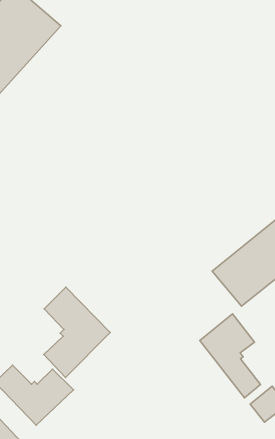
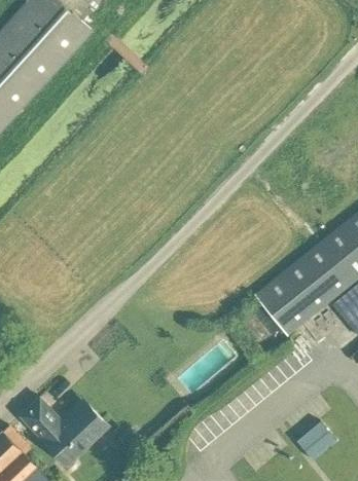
building: [44,287,110,377] -> none
building: [200,314,261,398] -> none

